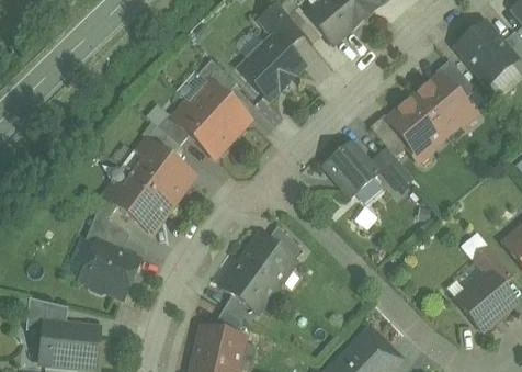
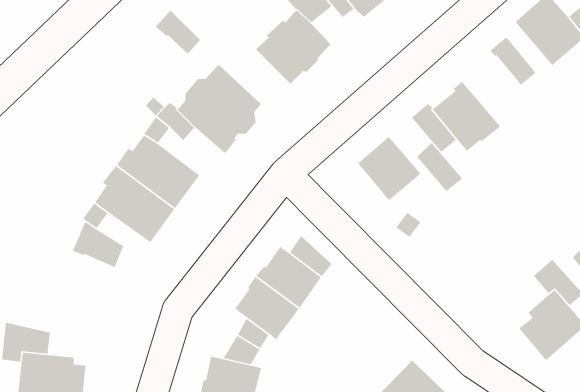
building: [197,59,236,97] -> [155,10,201,54]
building: [412,75,470,134] -> none
building: [80,241,139,297] -> none

